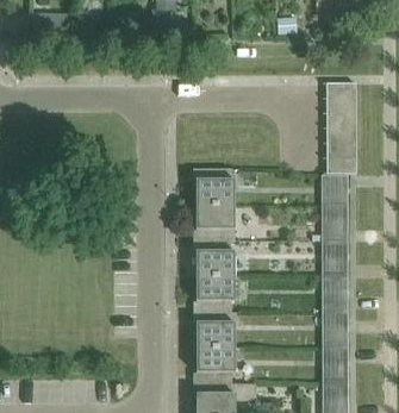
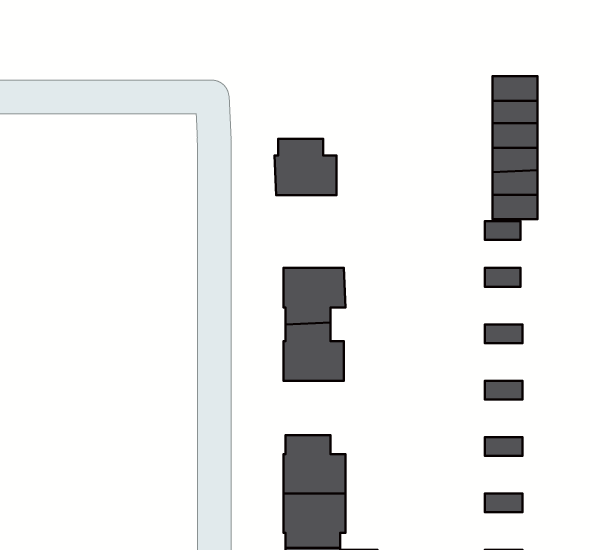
building: [194,171,233,207] -> [274,139,336,195]
building: [195,279,235,313] -> none

